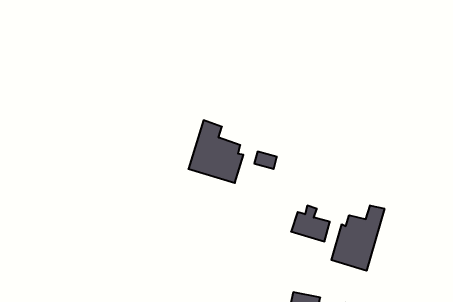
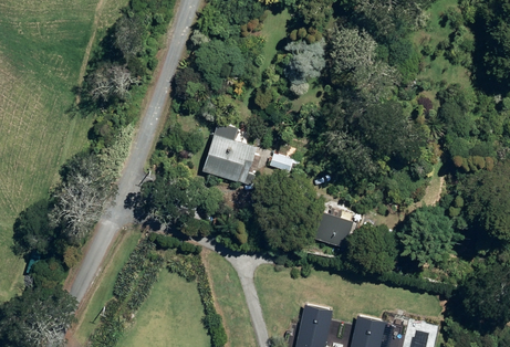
building: [331,205,384,271] -> none

